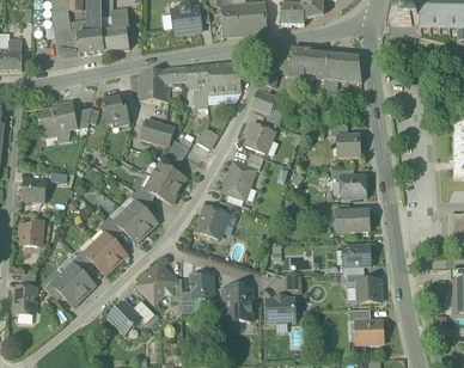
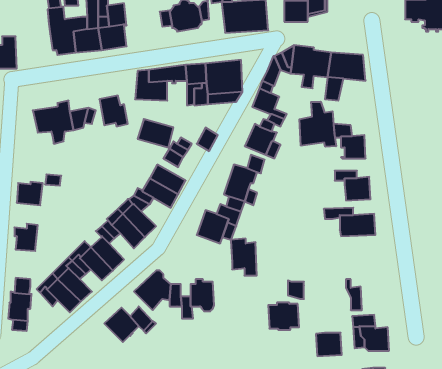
building: none -> [299,102,336,147]
building: [343,245,371,266] -> none
building: [356,280,381,302] -> [316,333,342,356]
building: [227,284,252,320] -> [231,239,257,276]

